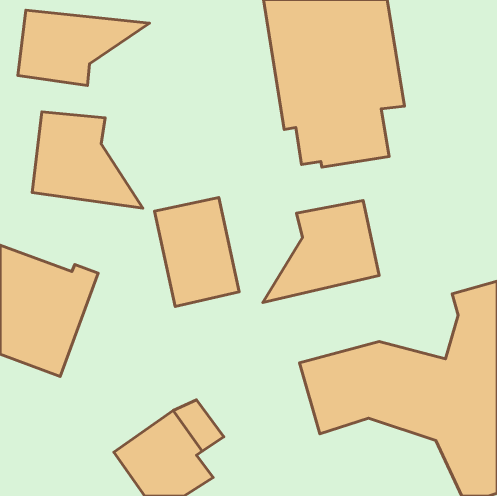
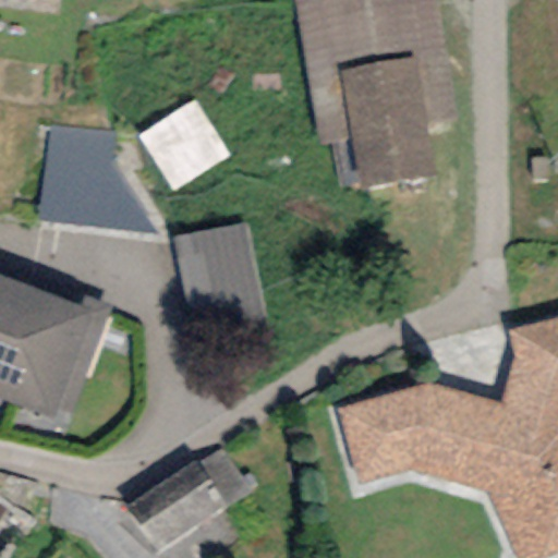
building: [18,10,149,85] -> none
building: none -> [136,96,232,191]
building: [263,200,379,303] -> none

